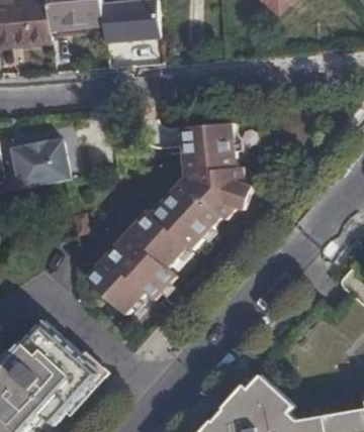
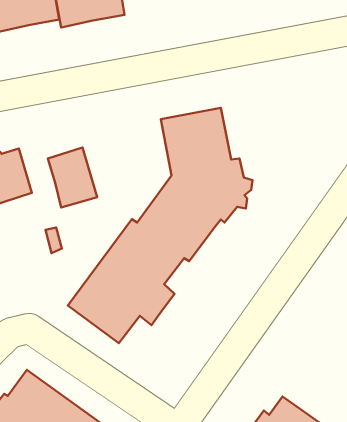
building: none -> [48,148,97,207]

